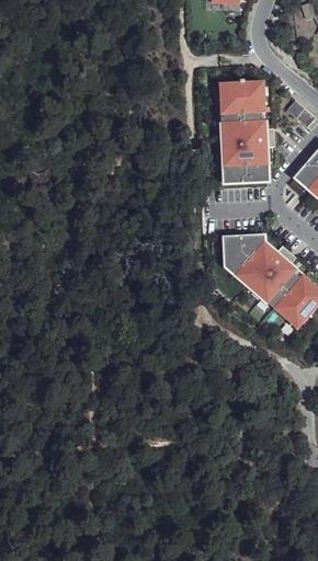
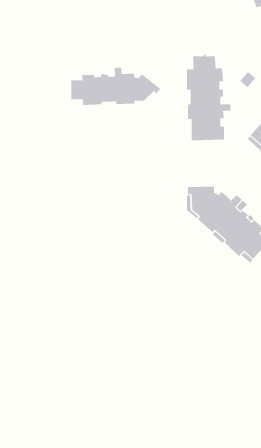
building: none -> [71,67,161,106]

